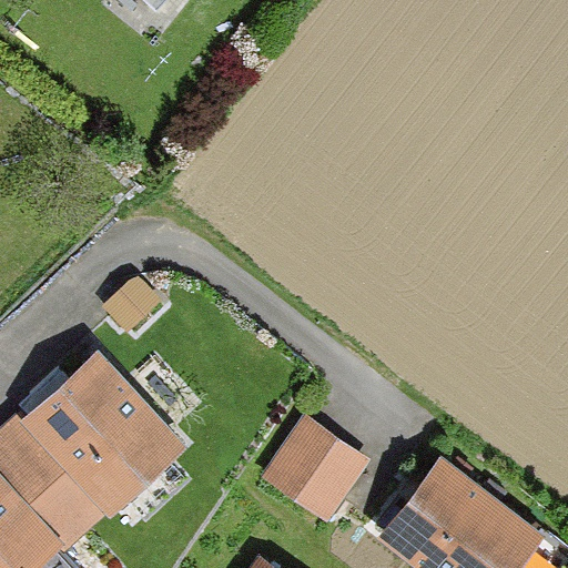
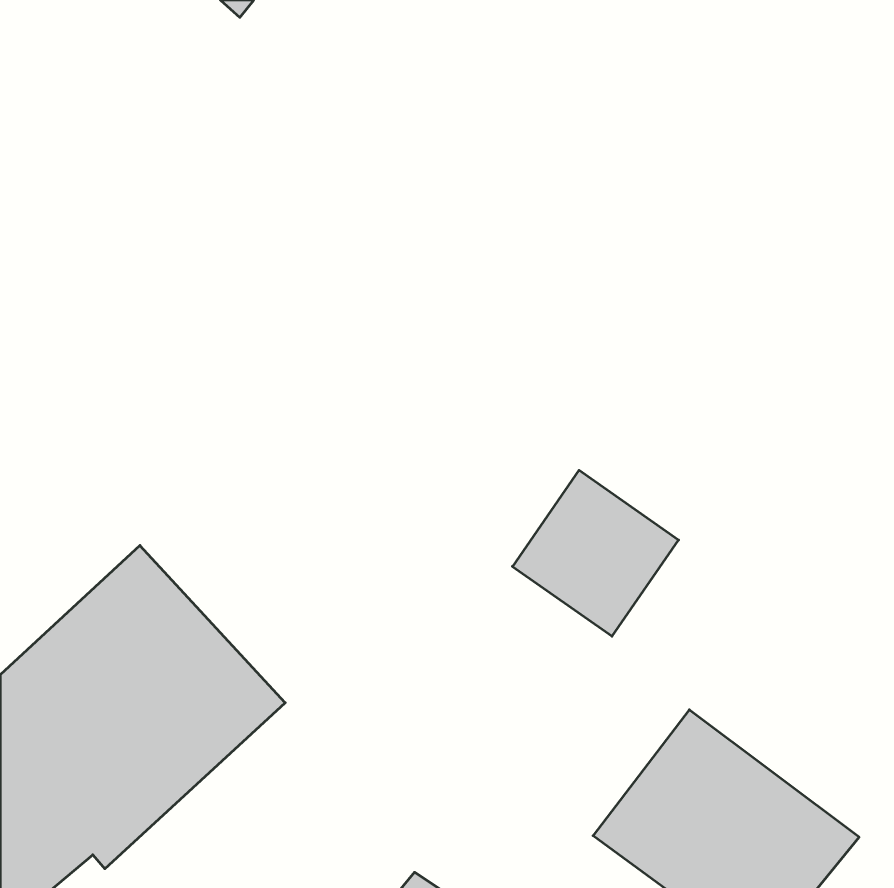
building: [267,418,373,524] -> [512,470,679,636]

